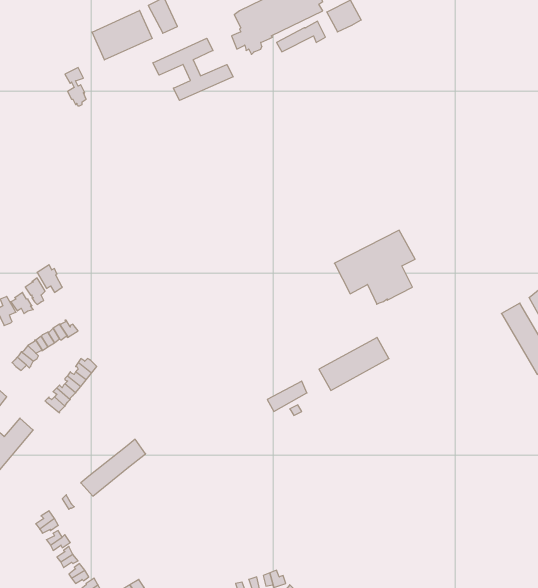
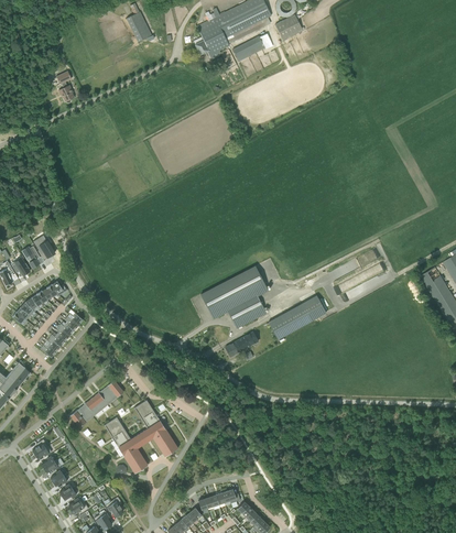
building: [92,10,152,60] -> none
building: [153,38,233,100] -> none
building: [334,230,415,304] -> [200,266,268,328]
building: none -> [104,400,177,474]

